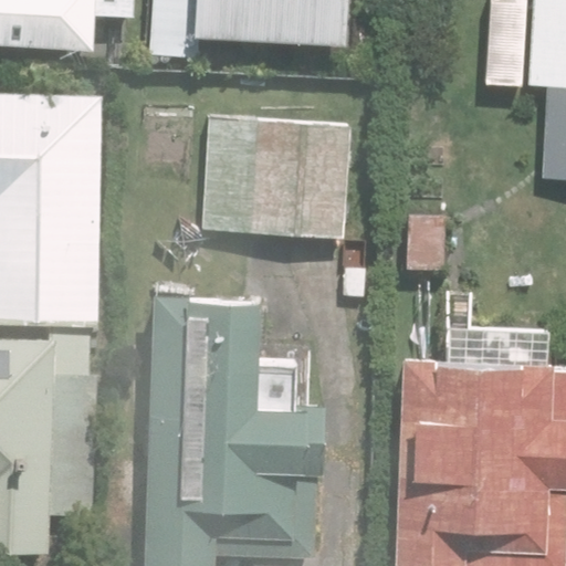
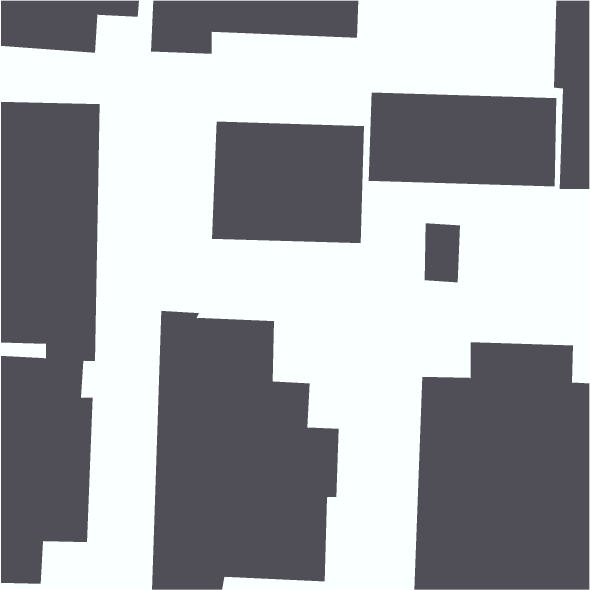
building: none -> [368,92,557,187]

